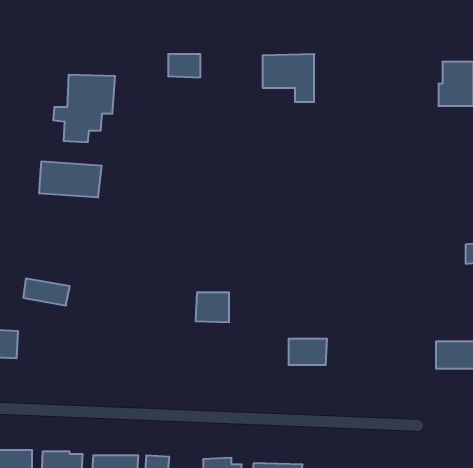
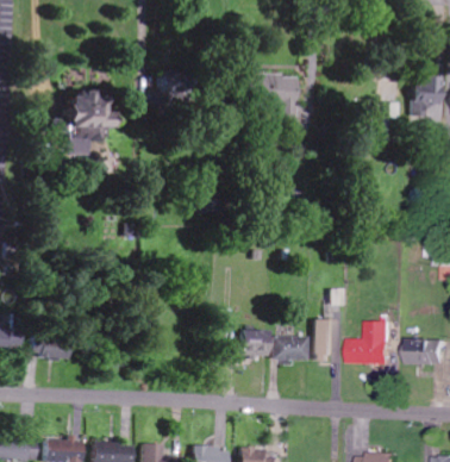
building: [39,161,101,198] -> none
building: [23,278,70,306] -> [29,335,71,360]
building: [196,293,229,322] -> [239,329,270,356]
building: none -> [313,318,337,360]
building: none -> [351,319,395,363]

